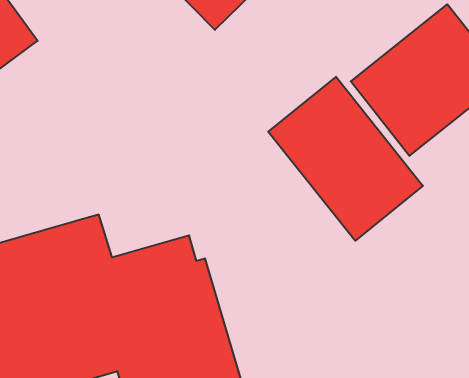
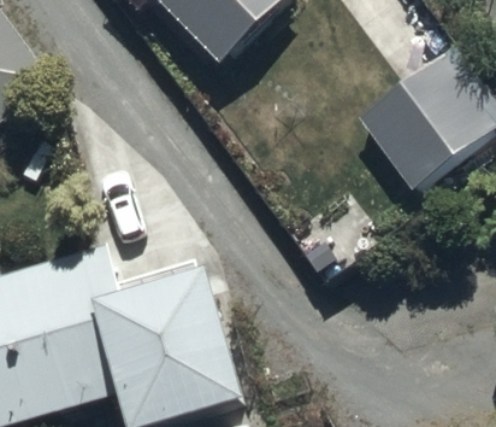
building: [268,77,423,241] -> none

